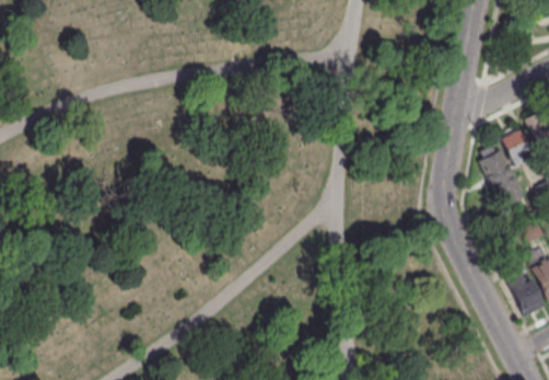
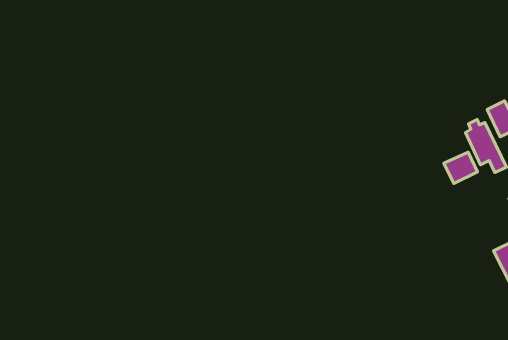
building: none -> [444,152,477,183]

